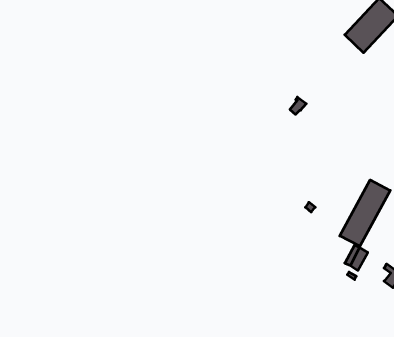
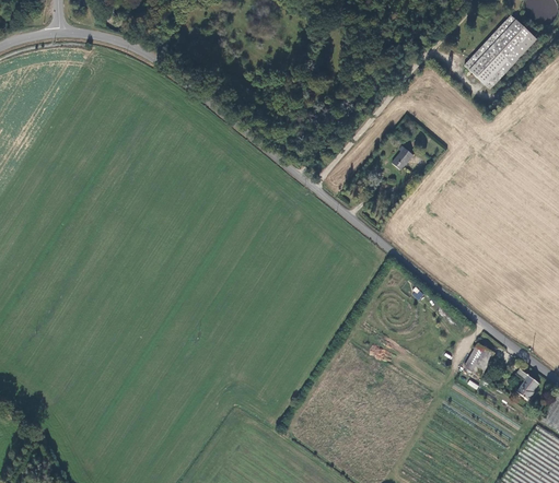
building: [340,180,390,246] -> none

